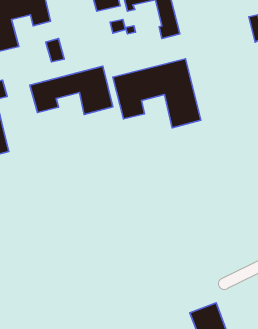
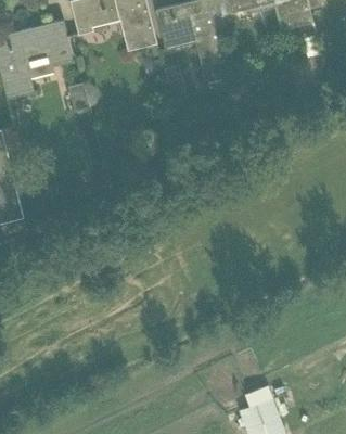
building: [113,59,201,128] -> none
building: [30,66,113,114] -> none

